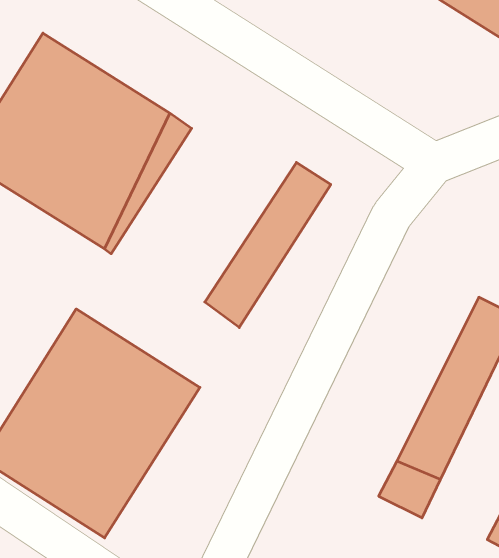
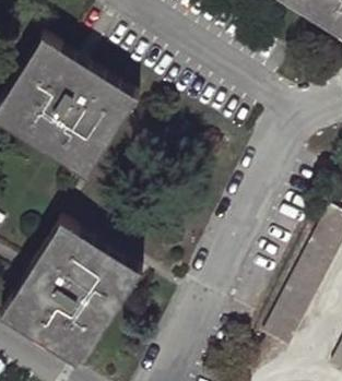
building: [205,162,331,328] -> none

